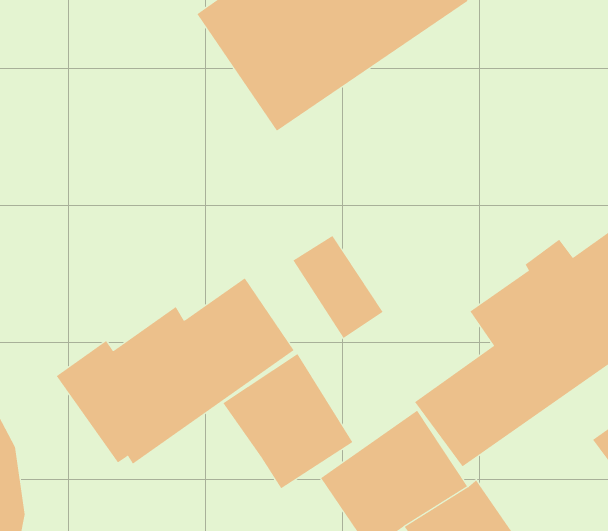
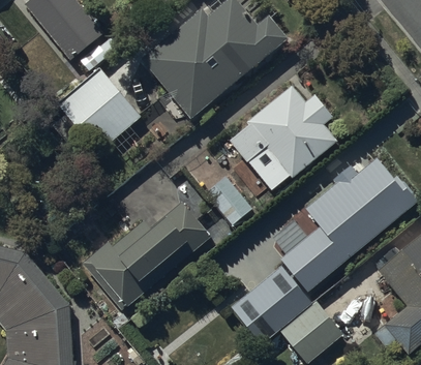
building: none -> [53,65,141,142]
building: none -> [230,85,337,189]
building: [222,353,353,489] -> none

